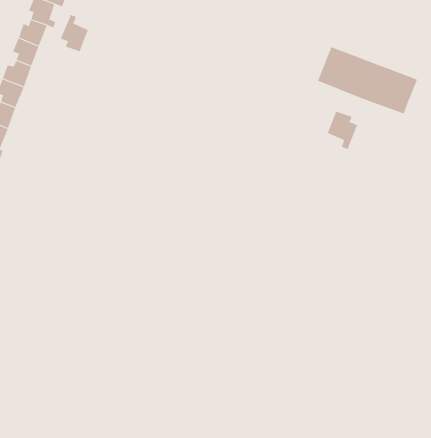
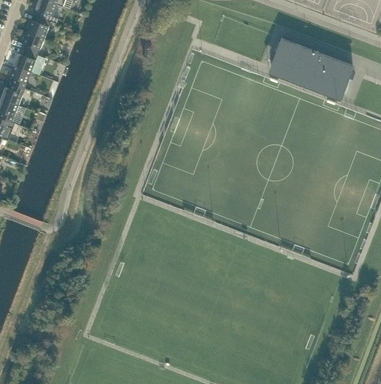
building: [60,14,92,52] -> none
building: [324,111,358,150] -> none

